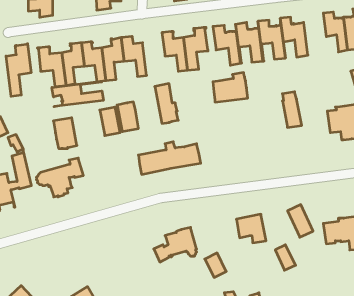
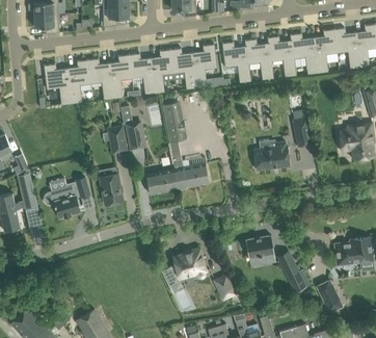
building: none -> [315,30,338,73]
building: none -> [151,50,173,94]
building: [6,44,31,96] -> none
building: [213,73,248,102] -> [254,140,290,171]
building: [52,81,103,107] -> none
building: [53,118,77,148] -> [100,174,124,205]
building: [288,205,313,237] -> [317,280,343,313]

